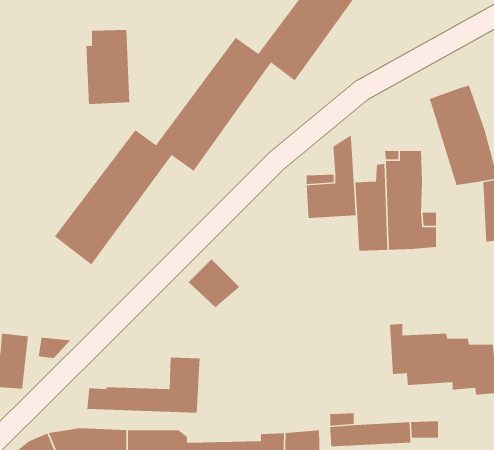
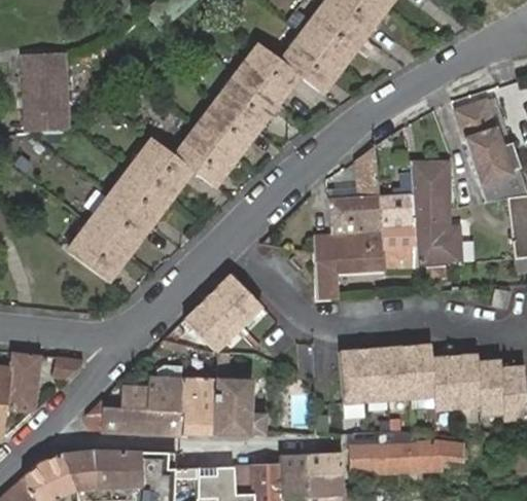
building: [85,29,130,105] -> [23,51,69,130]
building: none -> [314,231,384,297]
building: none -> [182,300,236,351]
building: none -> [340,344,419,400]
building: none -> [121,375,188,410]
building: none -> [217,379,267,437]

